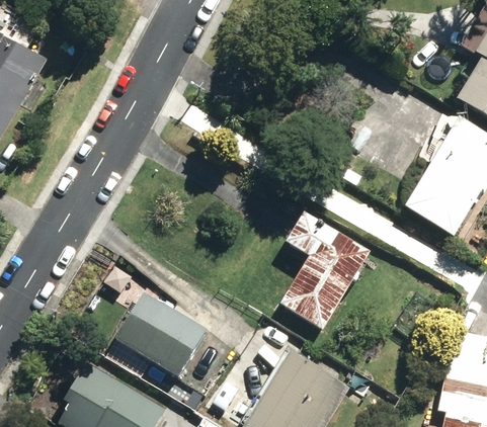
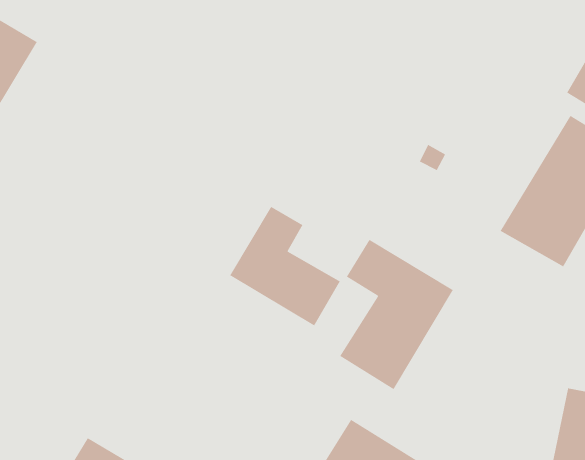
building: none -> [229,206,341,327]
building: [114,292,205,377] -> none

